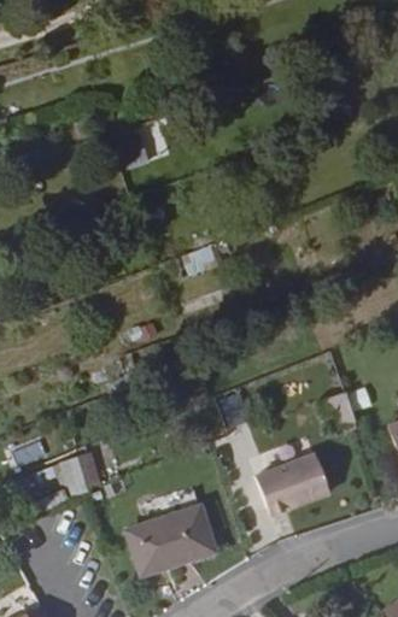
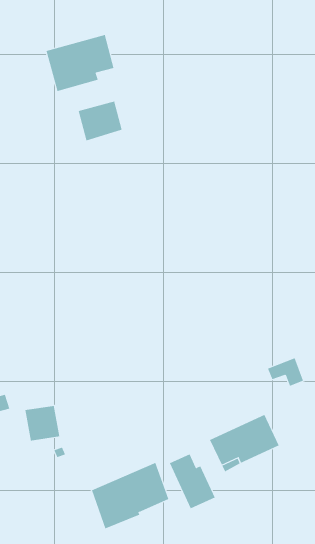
building: none -> [46,34,114,92]
building: none -> [169,454,215,509]

